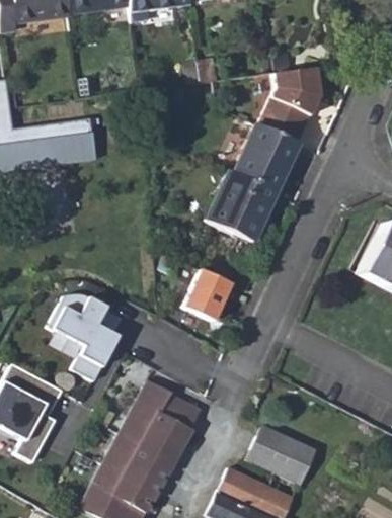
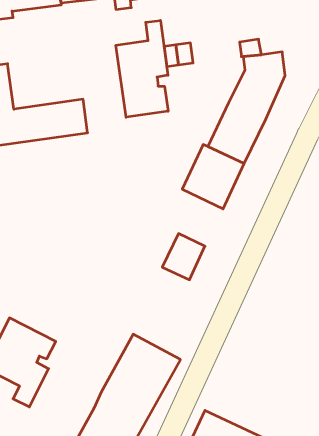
building: none -> [116,20,168,117]
building: [48,294,117,381] -> none
building: [248,426,316,485] -> none

